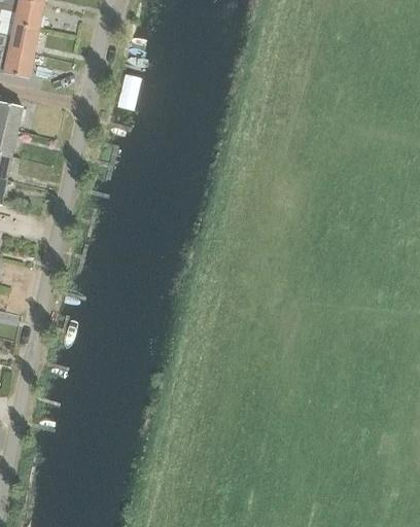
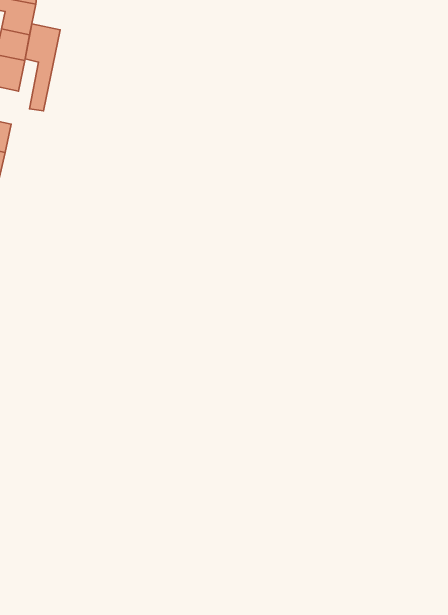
building: none -> [25,24,60,111]

